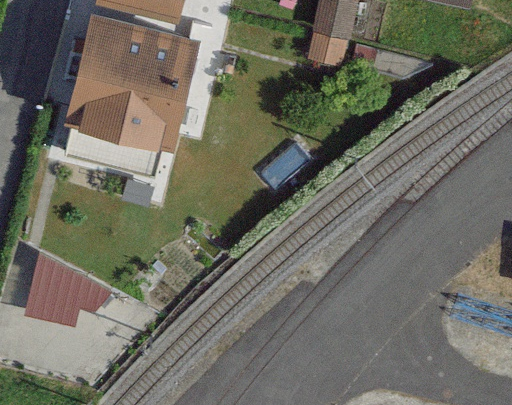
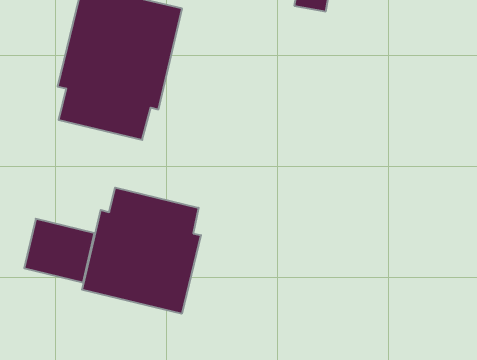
building: none -> [82,188,201,314]

